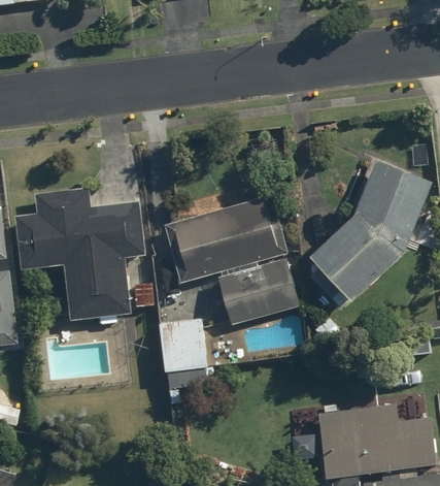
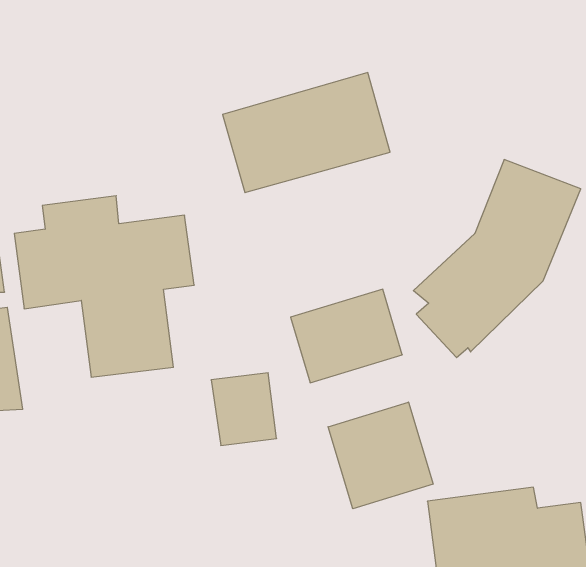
building: [164,193,287,282] -> [223,73,390,193]
building: none -> [328,402,433,509]

